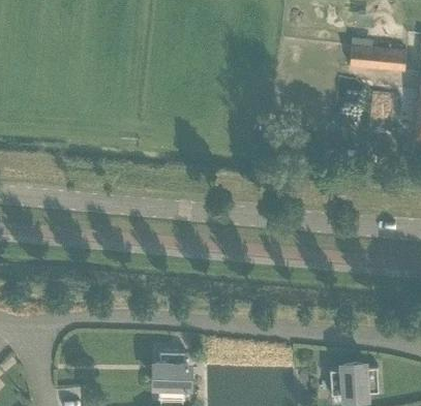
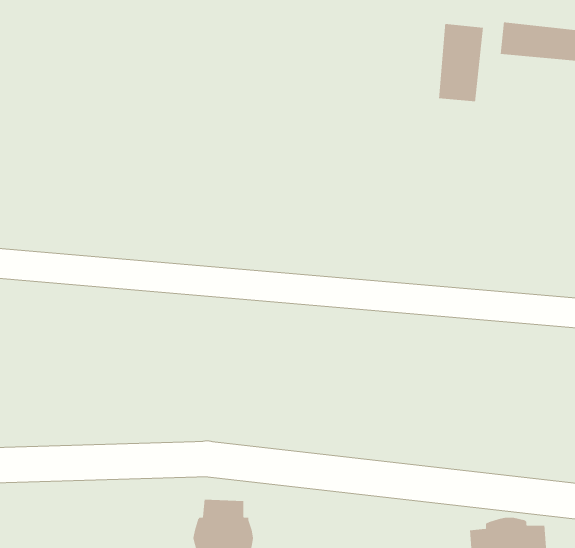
building: none -> [438,23,484,102]

